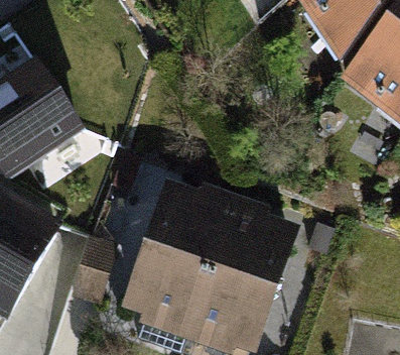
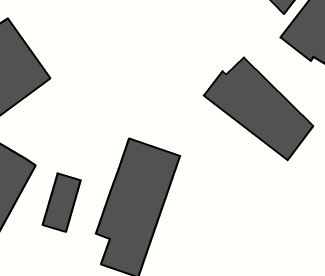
building: none -> [204,57,313,160]
building: [188,216,284,347] -> none

